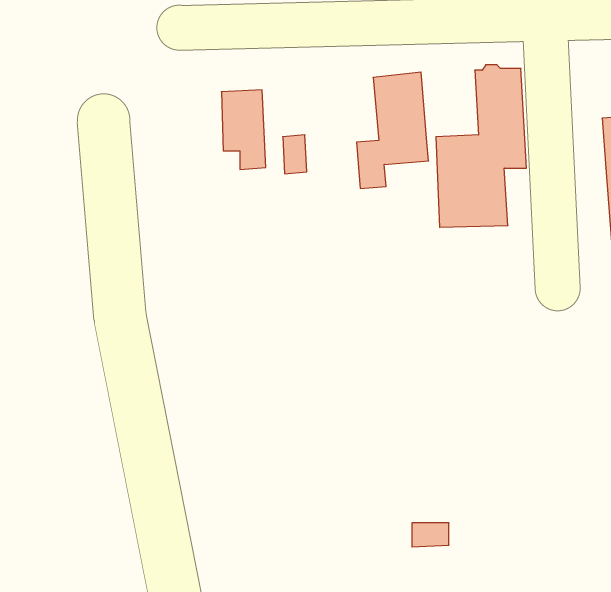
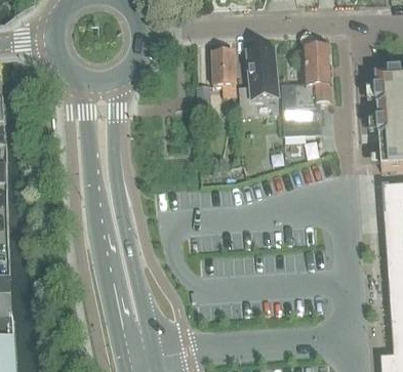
building: [221,90,266,169] -> [212,46,237,90]

